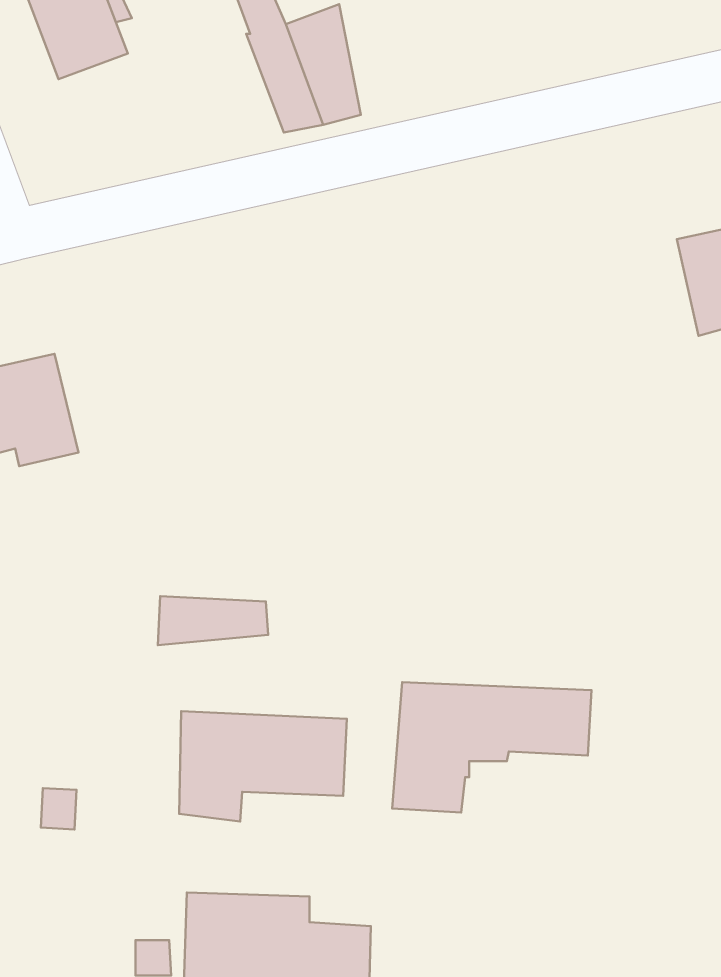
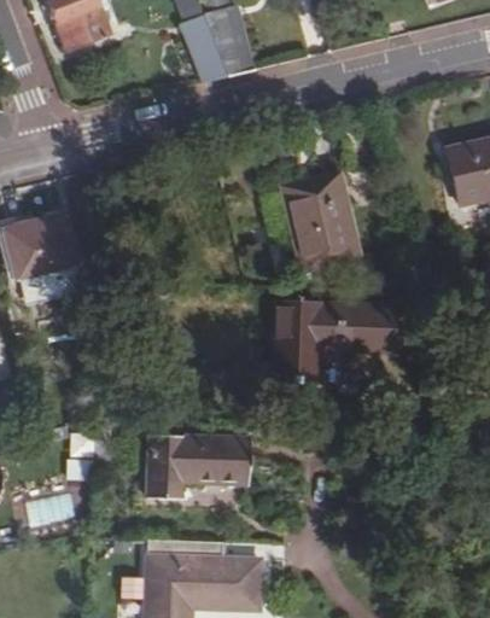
building: none -> [282,174,362,270]
building: [158,596,268,645] -> none
building: [392,682,592,813] -> [275,303,397,383]

